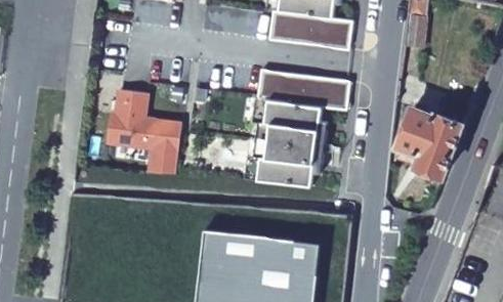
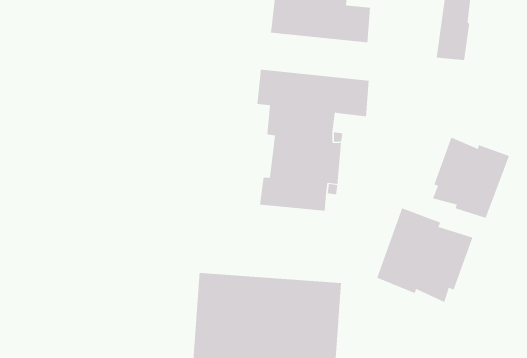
building: [100,90,175,174] -> none
building: none -> [377,208,473,303]

